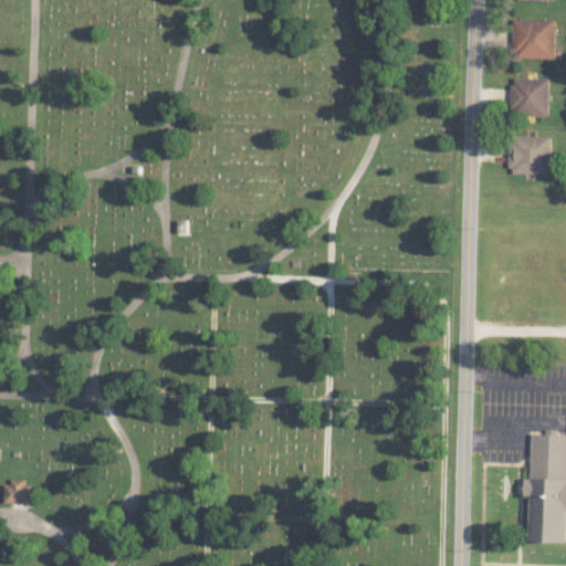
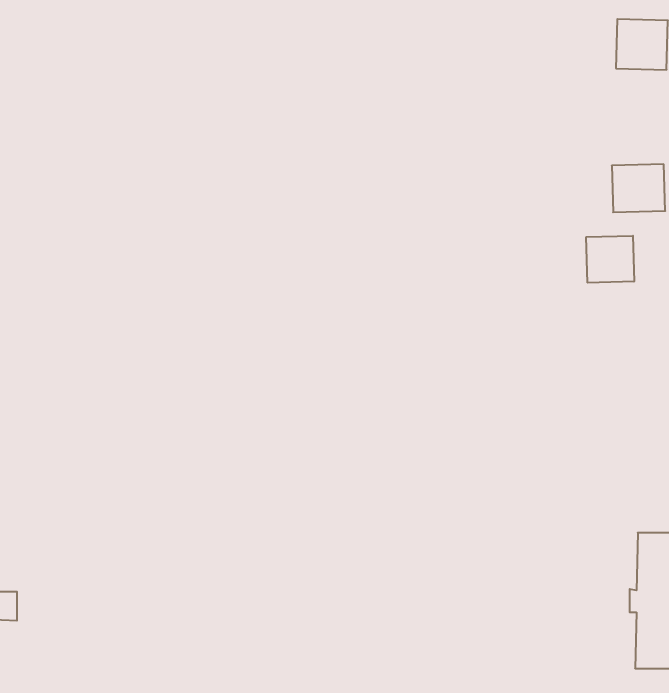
building: [511,78,549,116] -> none
building: none -> [586,236,634,283]

